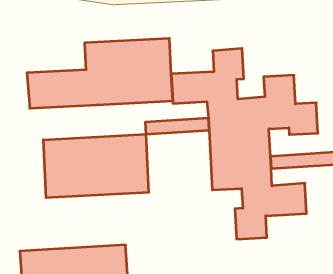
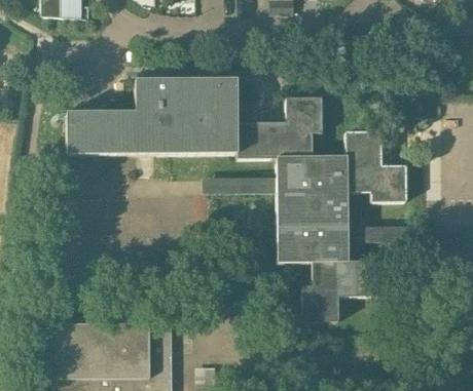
building: [43,134,149,198] -> none

